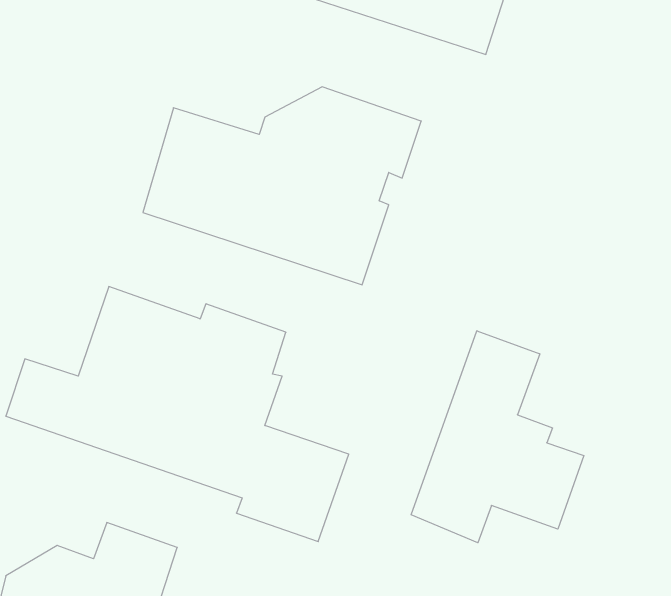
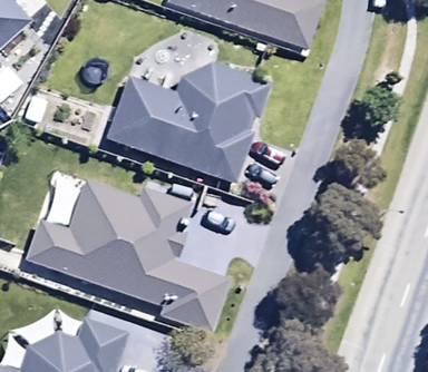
building: [411,331,584,543] -> none

